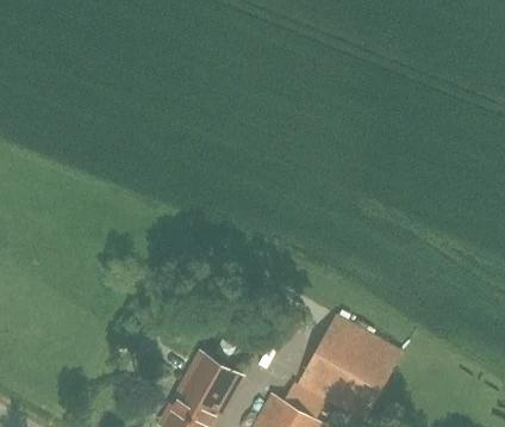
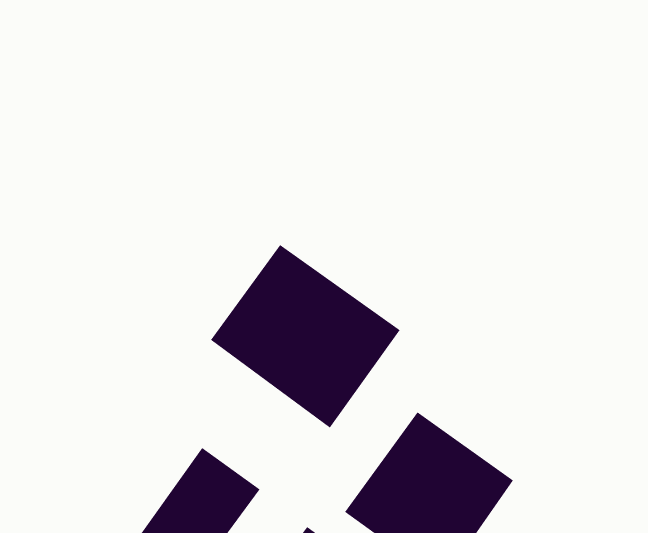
building: none -> [210,244,401,428]

